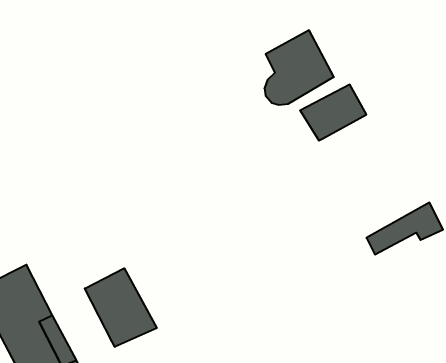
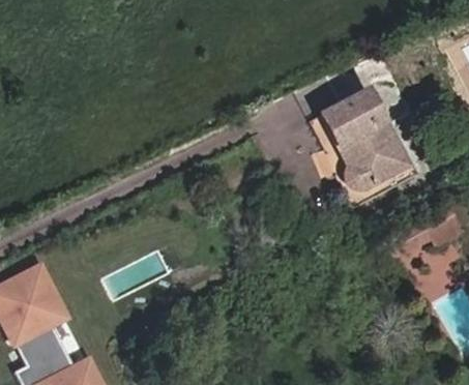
building: [264,30,334,105] -> [338,120,407,195]
building: [85,268,157,347] -> none

